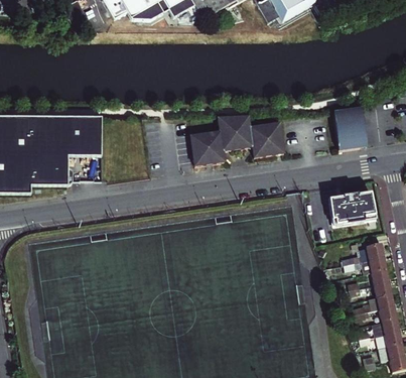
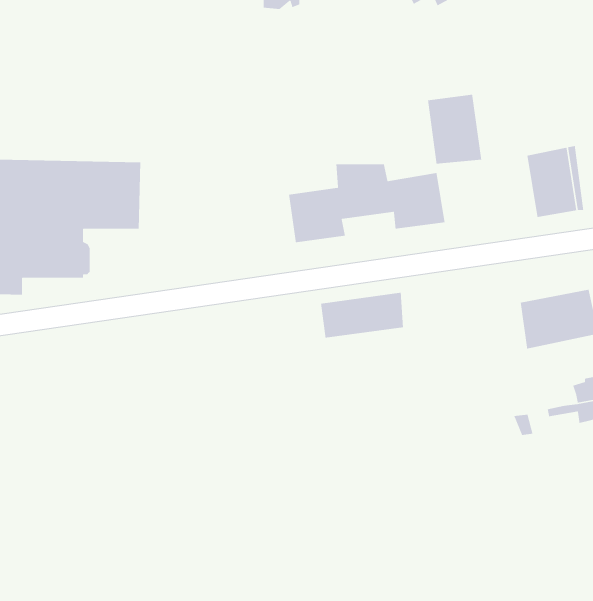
building: none -> [427,94,482,164]
building: none -> [320,292,404,338]

